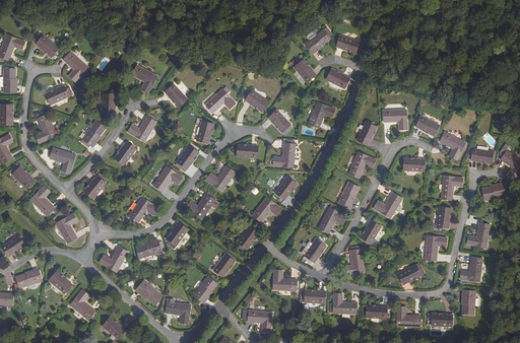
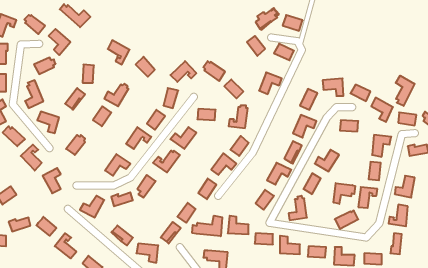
building: none -> [60,4,90,27]
building: none -> [396,76,415,106]
building: none -> [334,183,355,204]
building: none -> [192,216,222,236]

